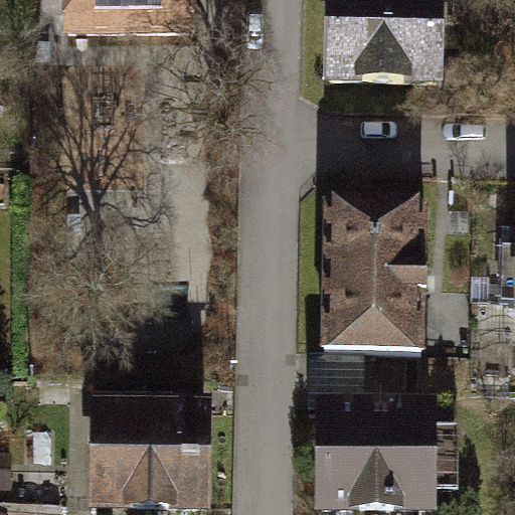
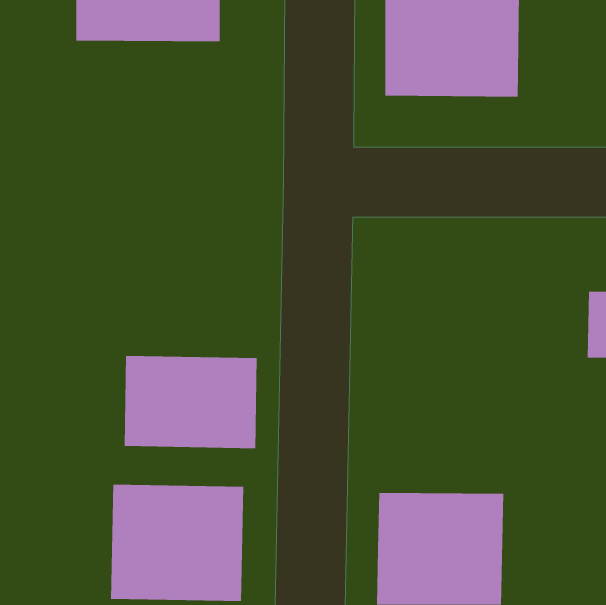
building: [322,203,420,350] -> none
building: none -> [124,355,257,449]

